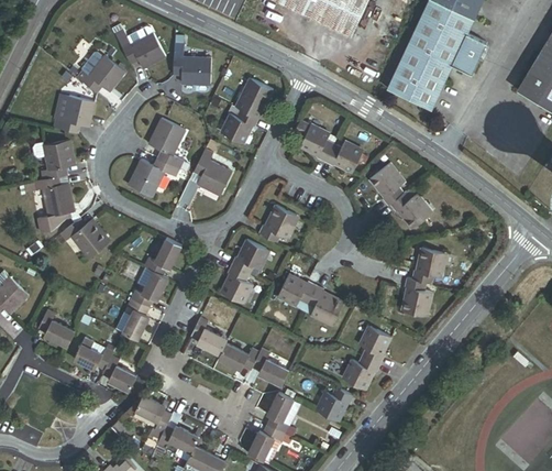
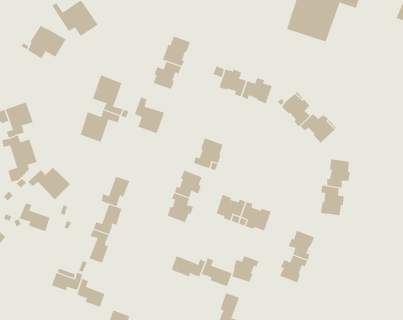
building: [173,50,210,85] -> none
building: [53,92,95,132] -> none
building: [36,309,74,347] -> [19,203,50,232]
building: [189,317,227,354] -> none
building: [317,388,352,421] -> [231,255,259,283]

